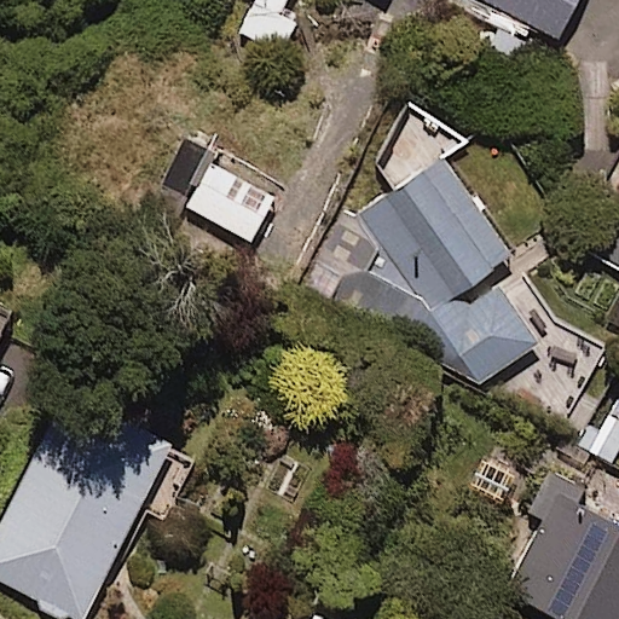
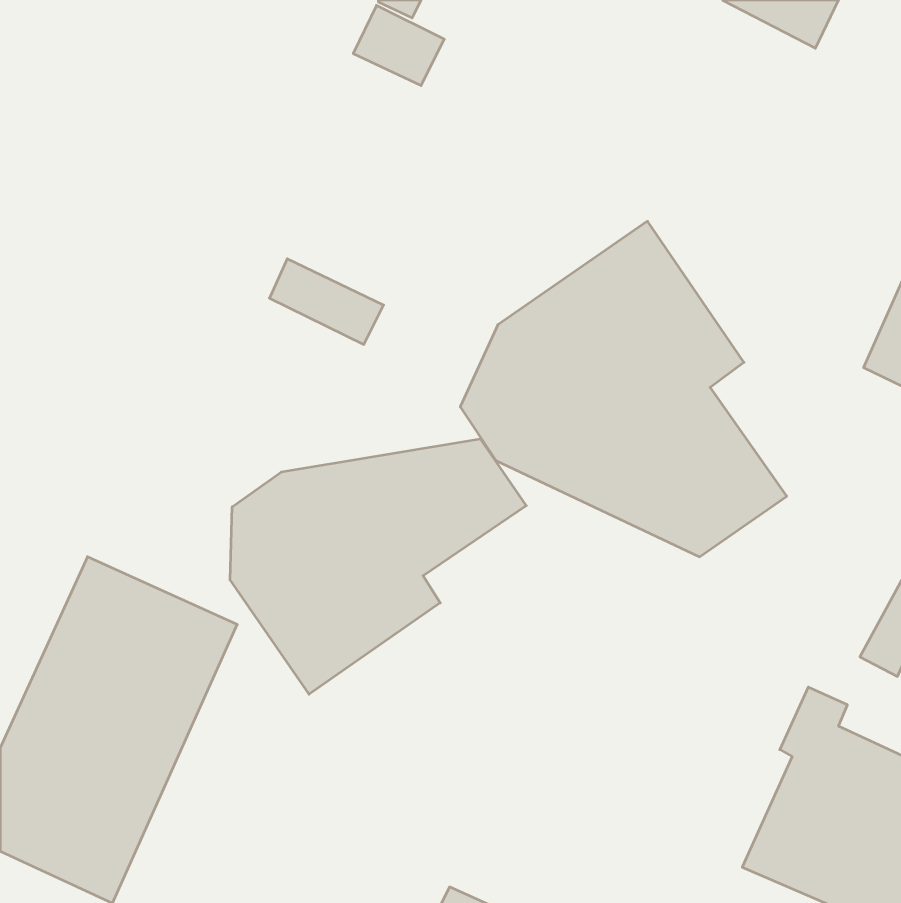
building: none -> [230,439,526,694]

